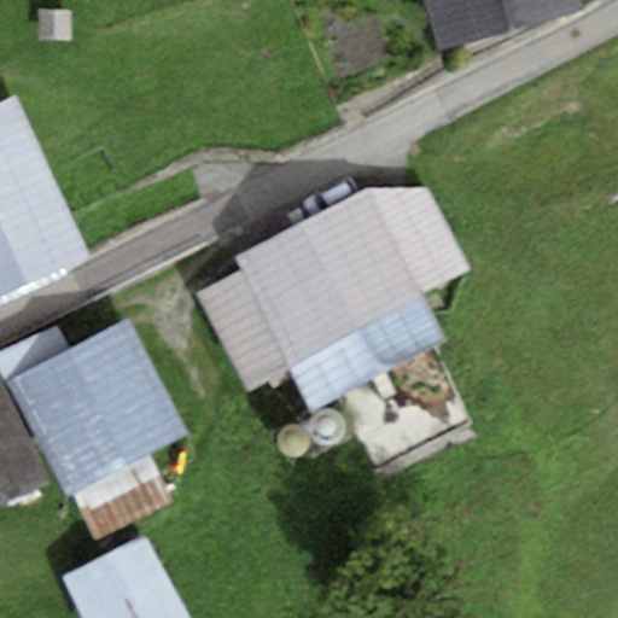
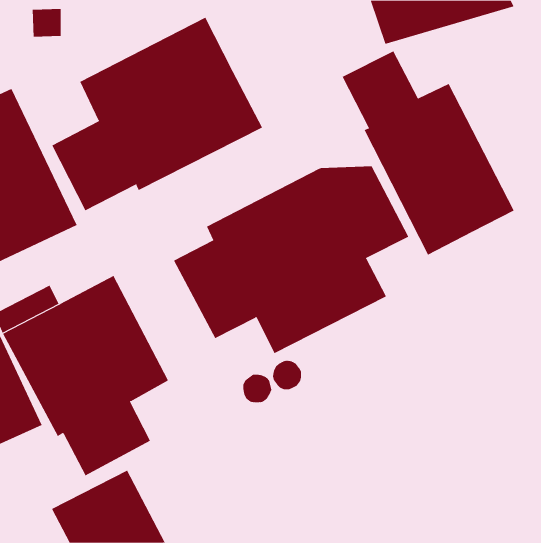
building: none -> [52,17,263,211]
building: none -> [342,50,514,256]

